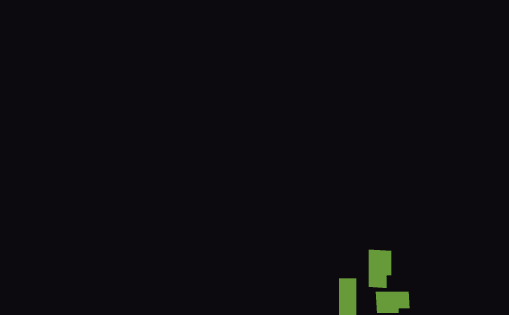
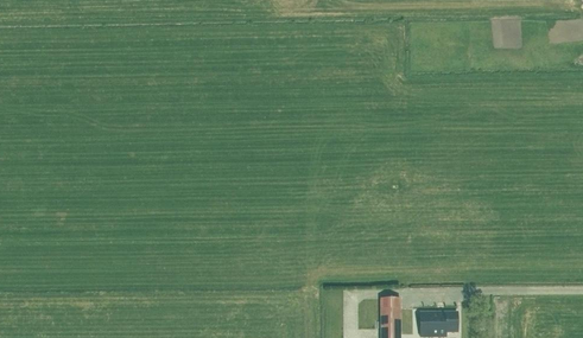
building: [368,249,392,289] -> none

